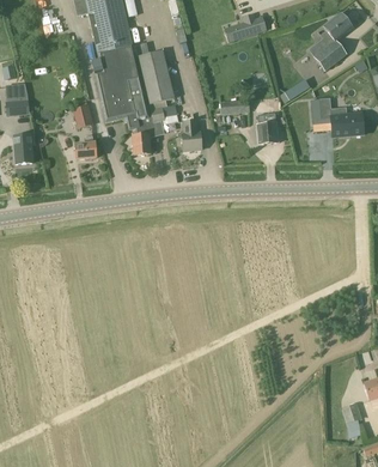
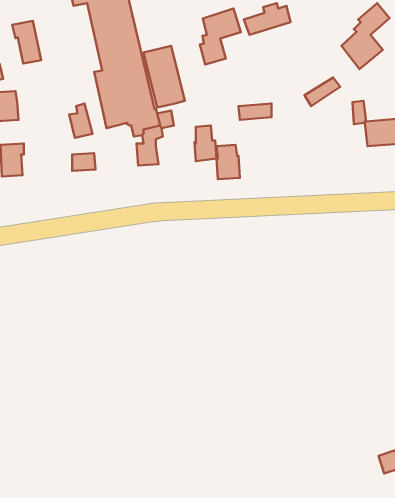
building: none -> [200,8,241,65]
building: none -> [12,21,41,63]
building: [258,114,279,144] -> [216,145,240,179]

